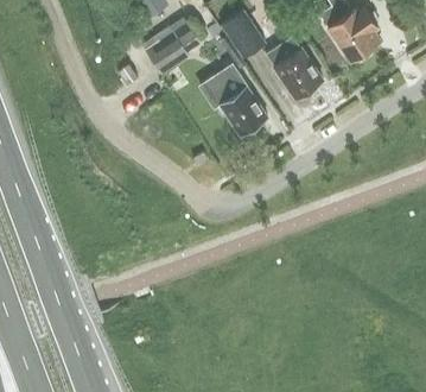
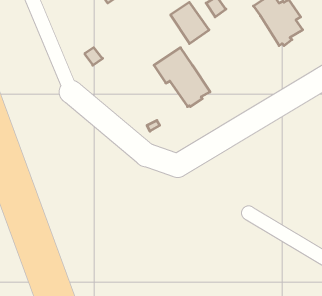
building: [142,19,201,70] -> none
building: [266,34,324,99] -> none

